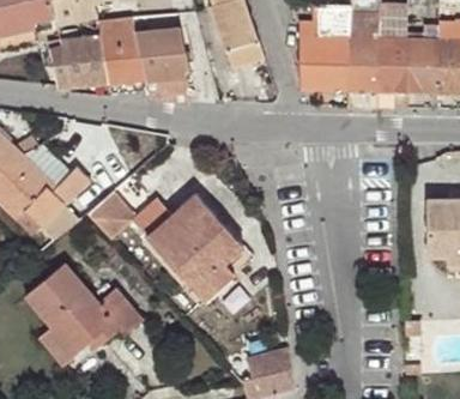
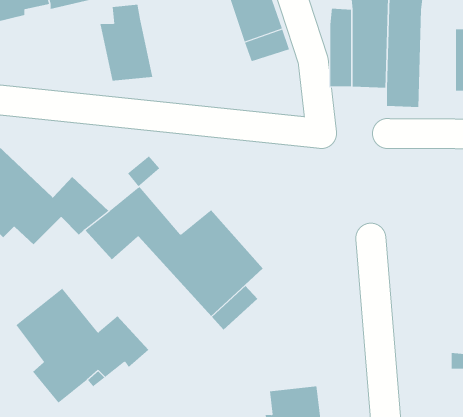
building: [376,22,407,108] -> none
building: [134,25,193,93] -> none
building: [47,34,109,89] -> none

